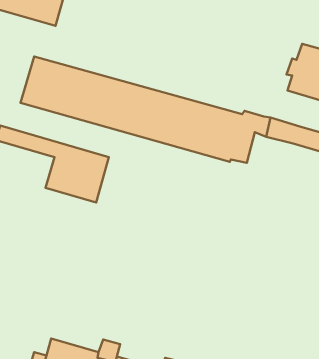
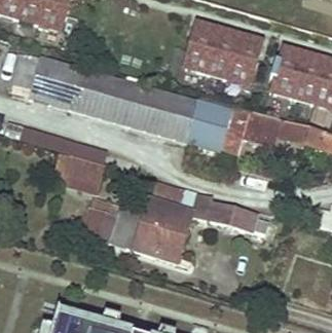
building: none -> [185,21,261,81]
building: none -> [81,188,267,262]

